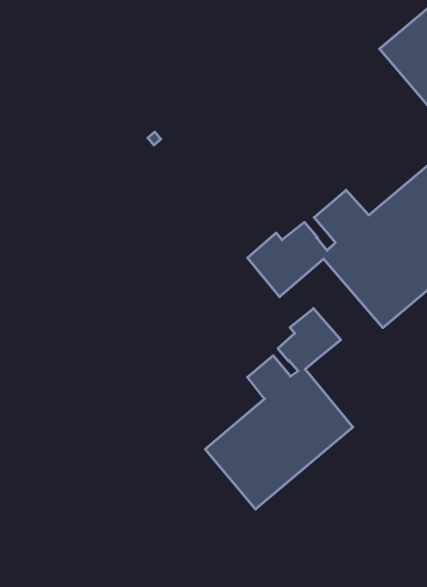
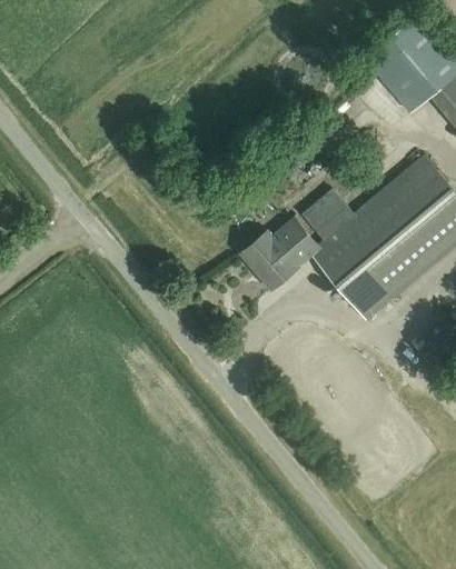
building: [205,308,353,509] -> none

